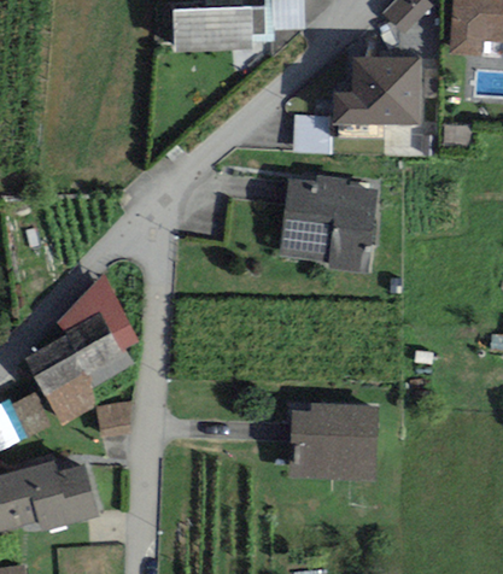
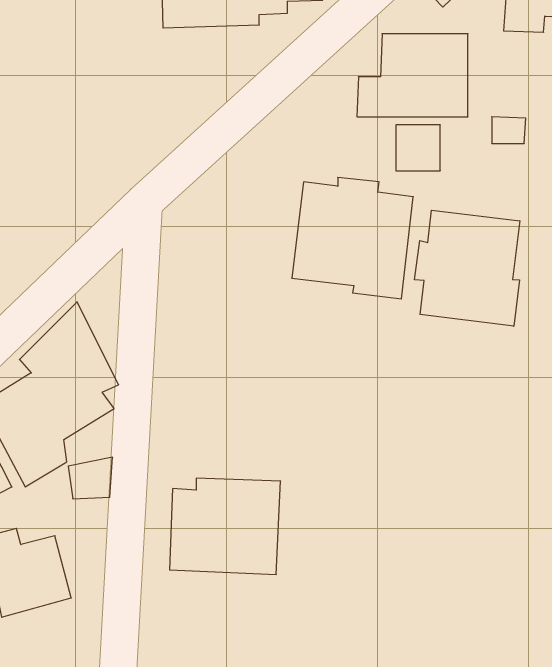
building: [293,116,329,153] -> [396,125,440,171]
building: none -> [415,210,520,326]
building: [289,403,380,481] -> [170,478,281,574]

